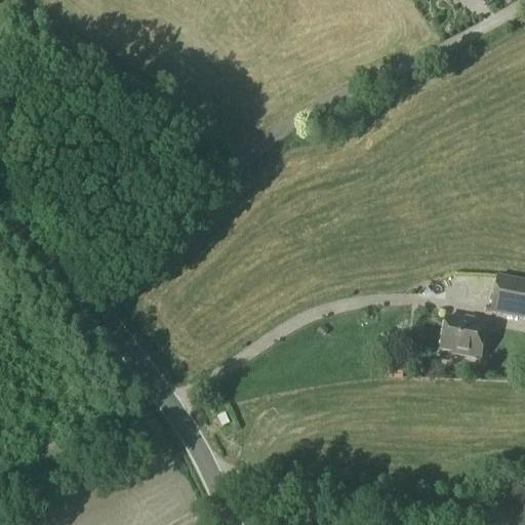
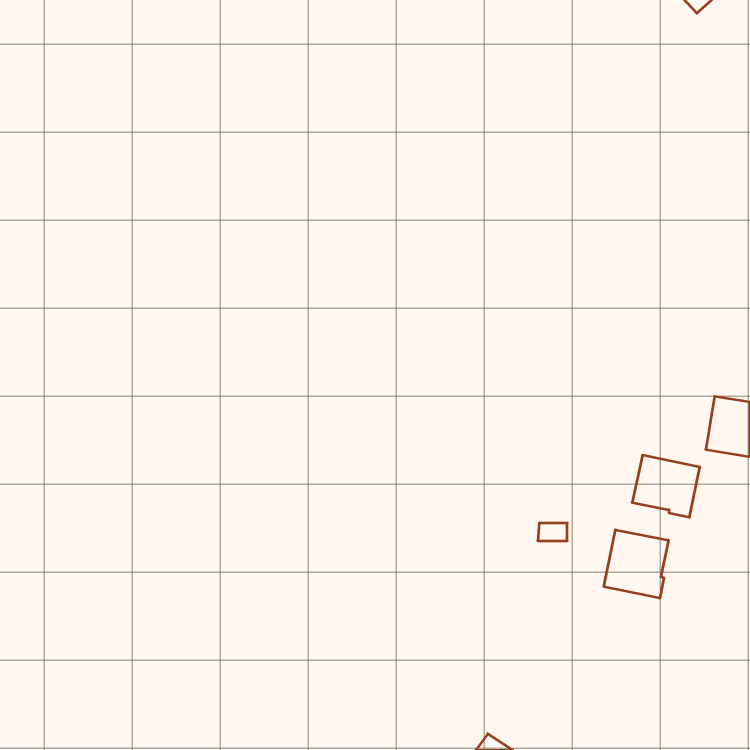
building: none -> [604,530,668,598]

